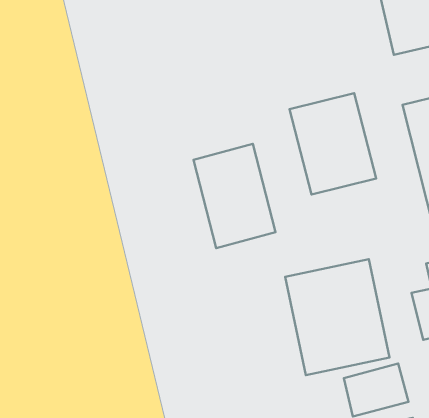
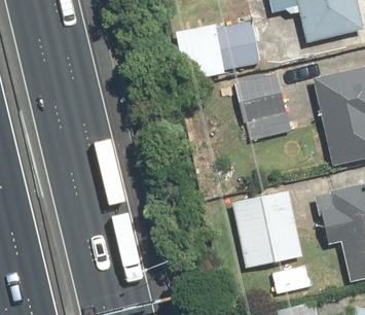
building: none -> [211,20,262,70]
building: [193,144,276,248] -> none

